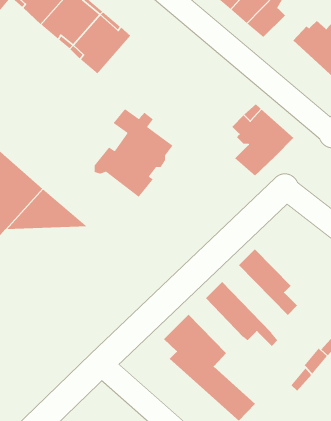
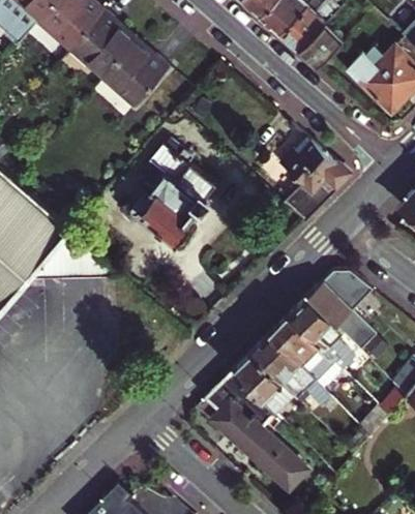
building: none -> [306,272,376,353]
building: none -> [270,318,343,392]
building: none -> [233,354,293,415]

